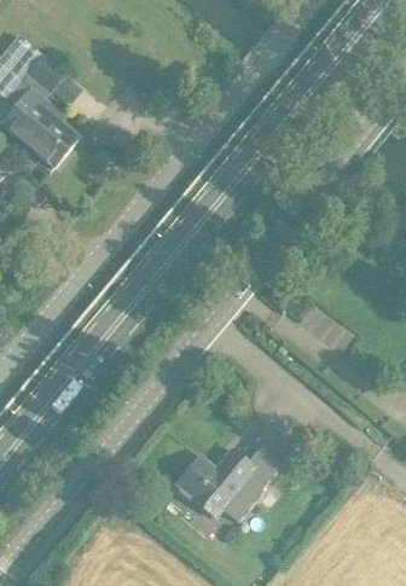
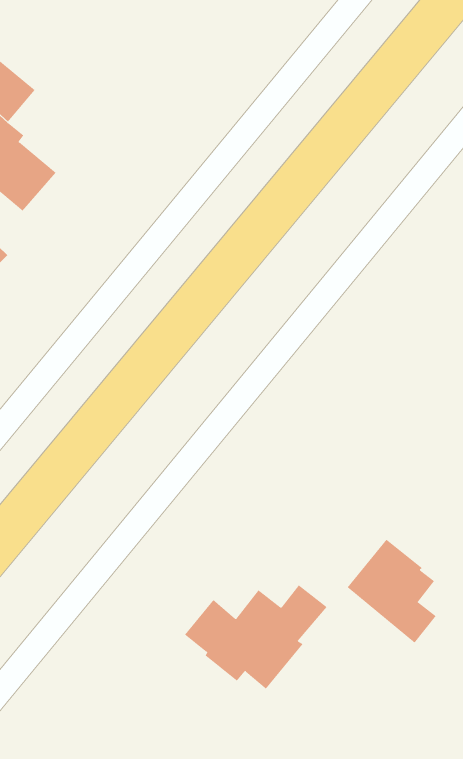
building: none -> [347,539,436,643]

